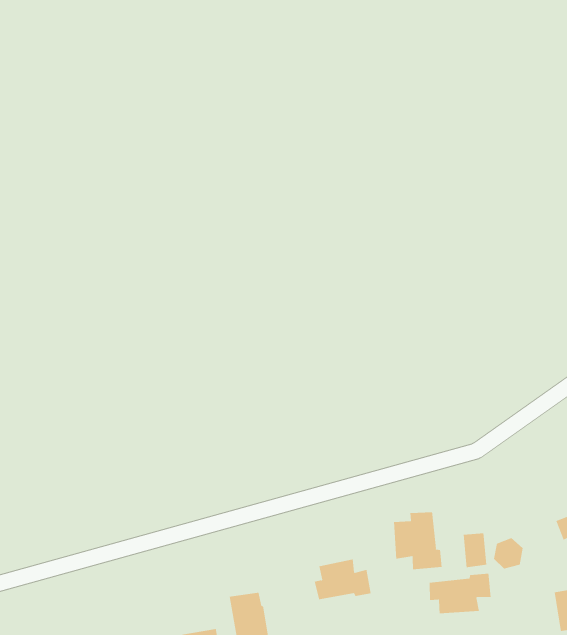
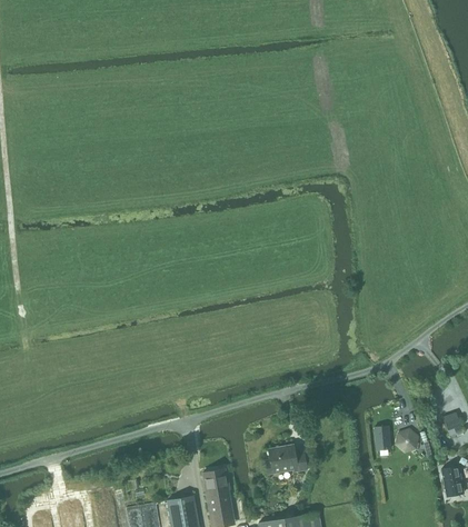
building: [394,512,442,570] -> none
building: [429,573,491,614] -> none

